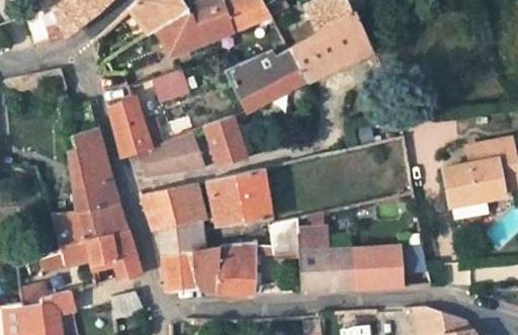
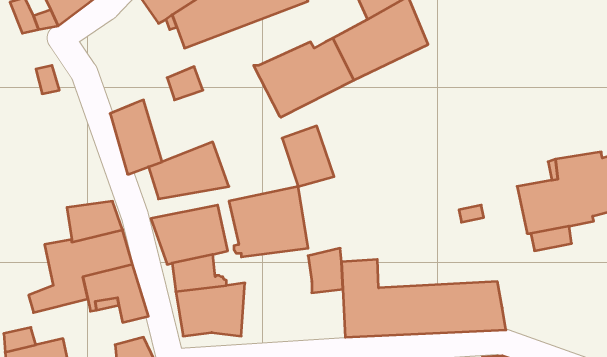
building: [204,116,247,166] -> [282,126,334,186]
building: [69,130,110,185] -> none
building: [215,246,260,295] -> none

